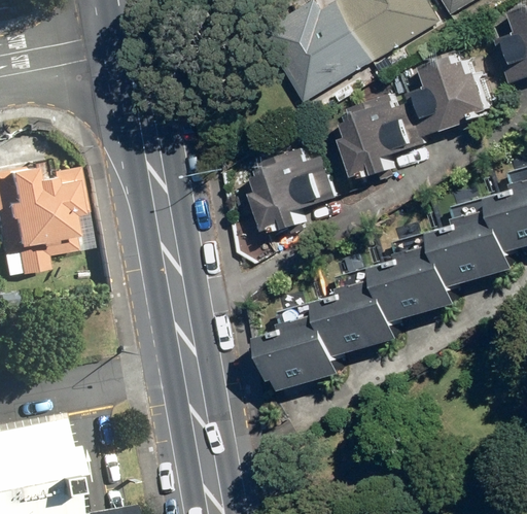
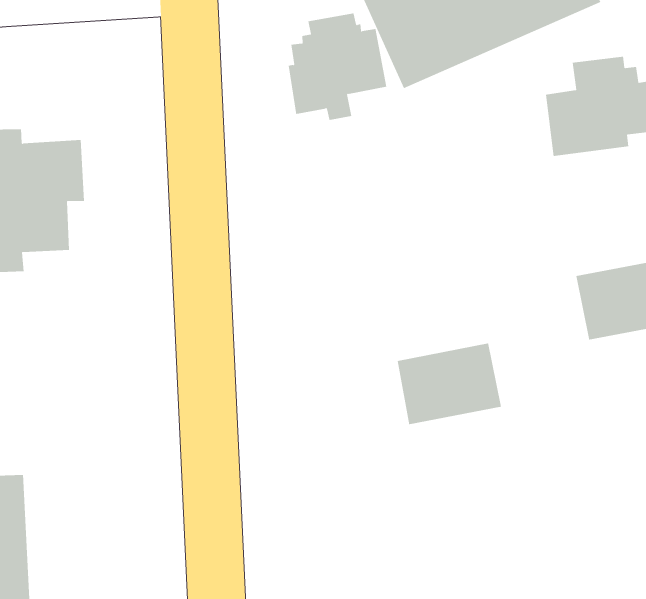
building: [345,94,419,175] -> none
building: [256,148,330,229] -> [288,13,387,120]
building: [384,237,464,304] -> none
building: [261,316,342,383] -> none

